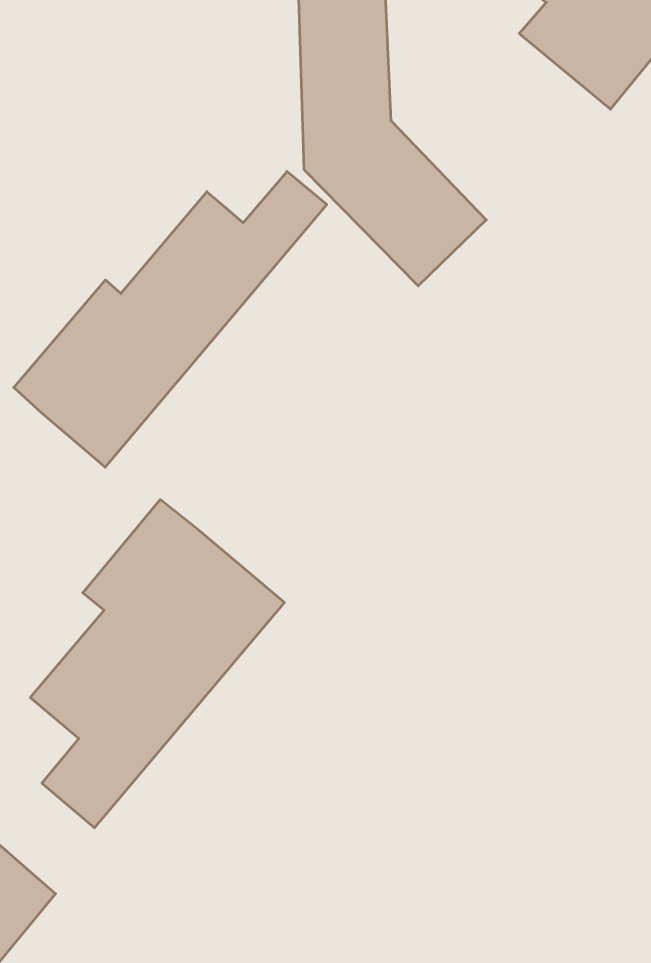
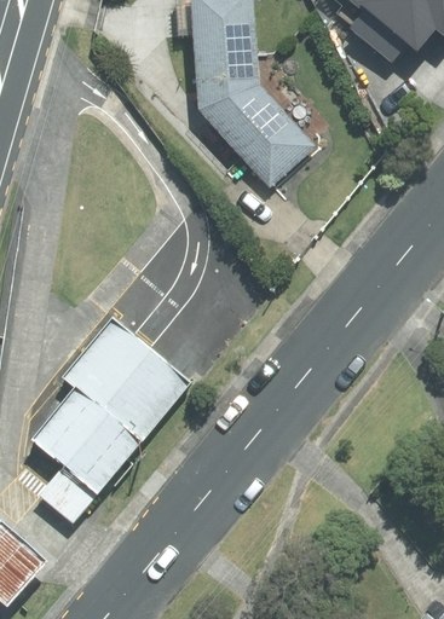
building: [14,171,327,467] -> none

